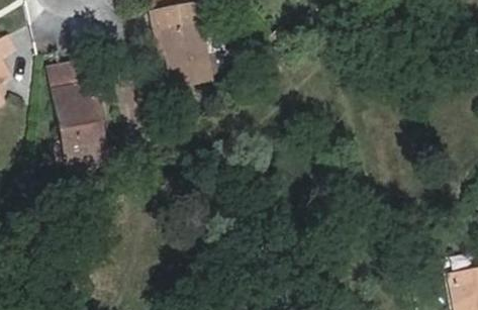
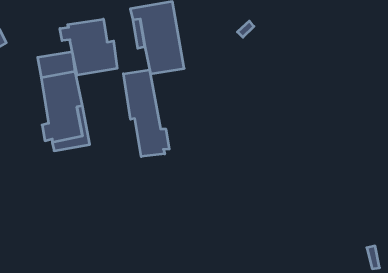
building: none -> [60,19,117,75]
building: none -> [123,70,169,157]

